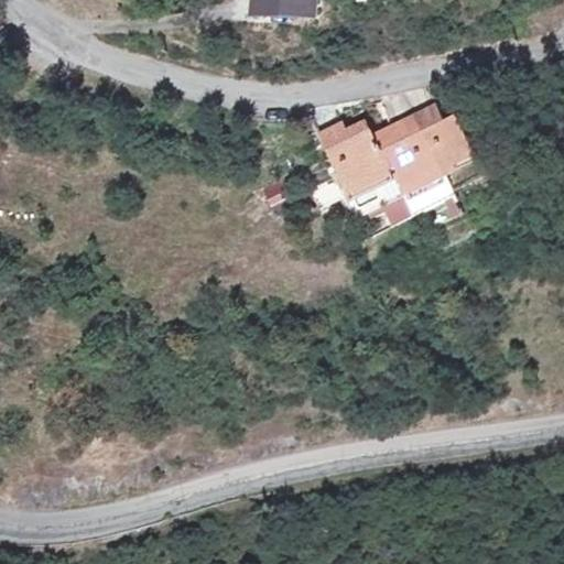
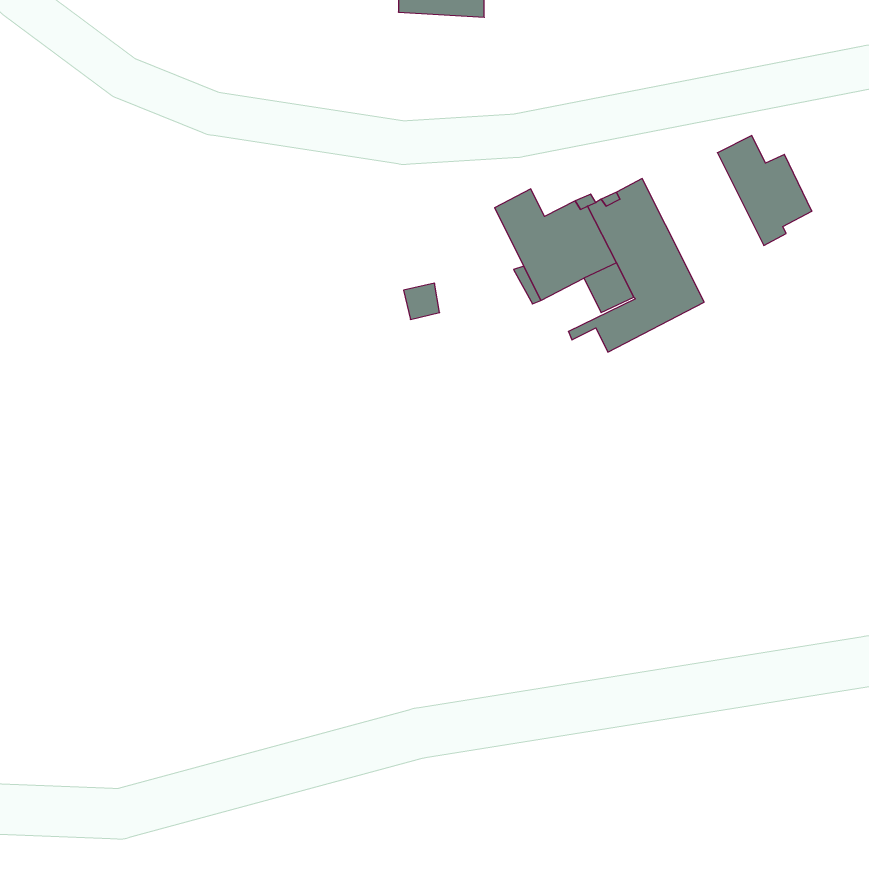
building: [412,104,473,174] -> [717,136,812,245]

